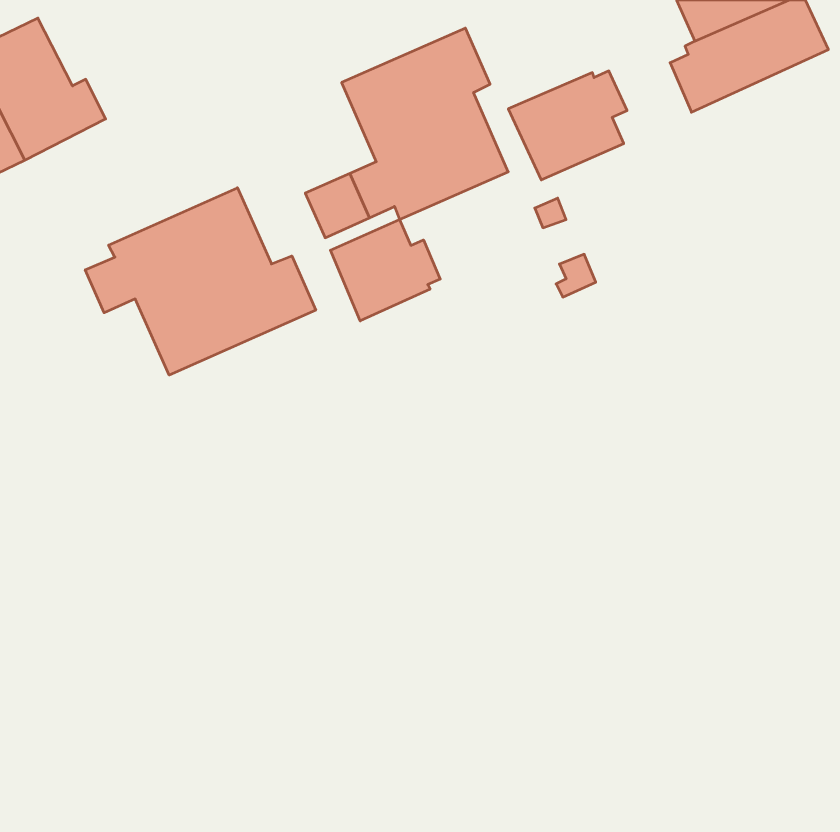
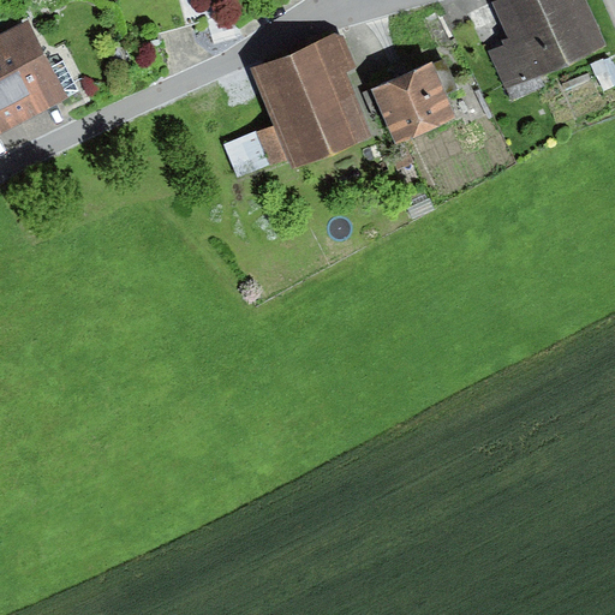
building: [85,188,316,375] -> none
building: [330,220,440,321] -> none

